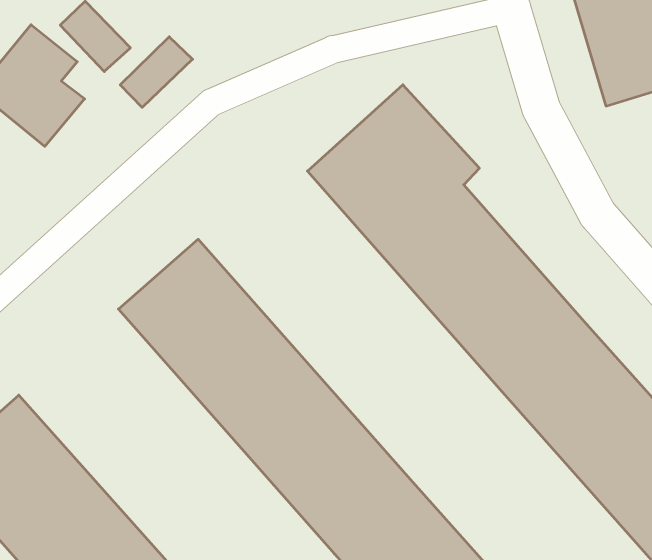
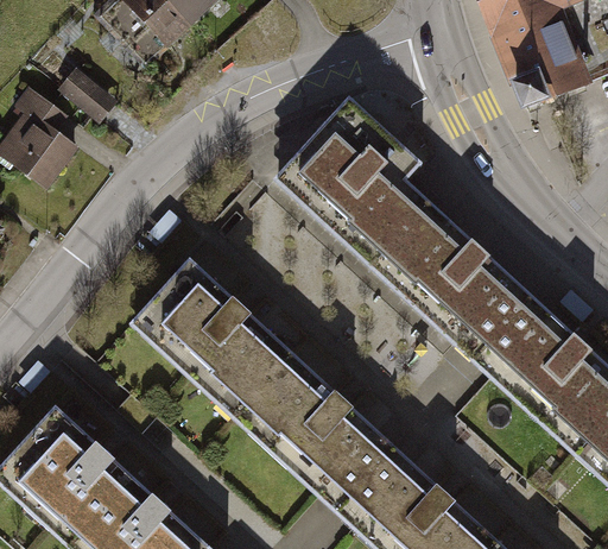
building: [120,37,193,107] -> none

